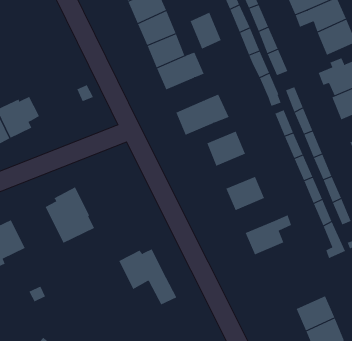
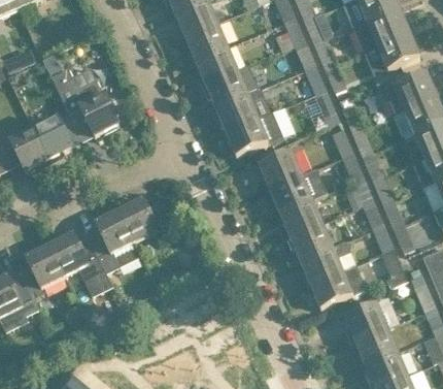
building: [190,12,221,49] -> none
building: none -> [50,68,120,136]
building: none -> [215,94,257,131]
building: none -> [269,168,327,213]
building: none -> [118,199,168,241]
building: none -> [289,223,332,260]
building: none -> [310,264,368,309]
building: [118,248,177,305] -> [49,232,112,293]
building: none -> [344,298,399,342]

